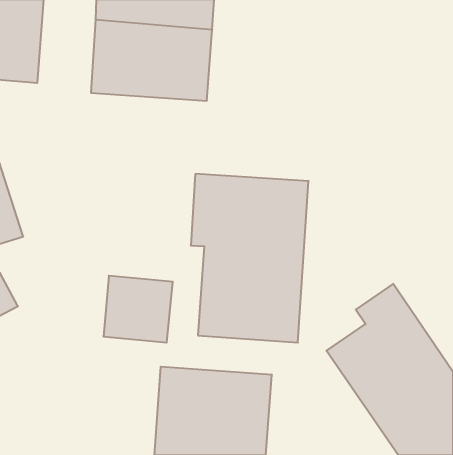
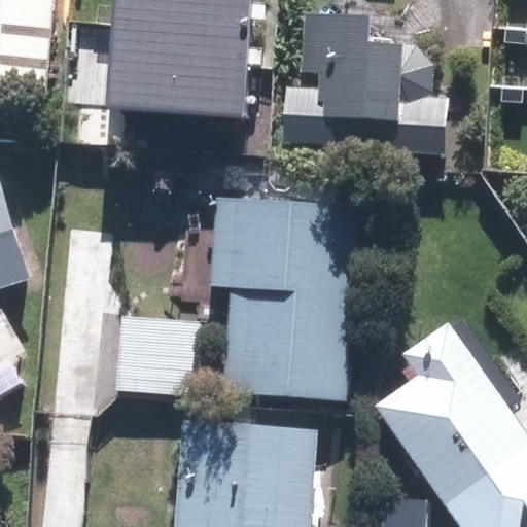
building: none -> [286,12,446,152]

